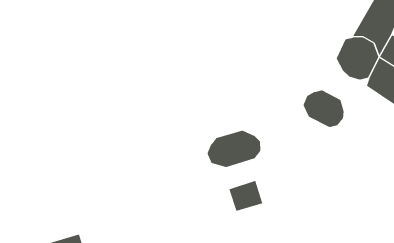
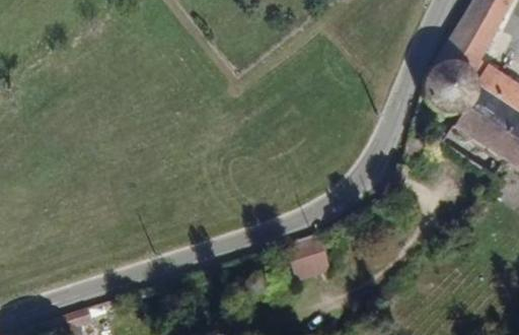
building: [303,89,344,128] -> none
building: [207,130,261,168] -> none

